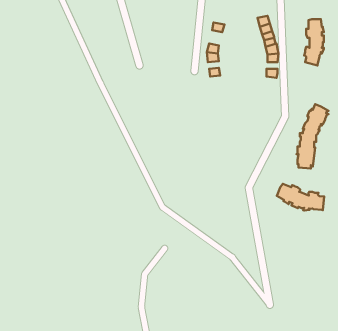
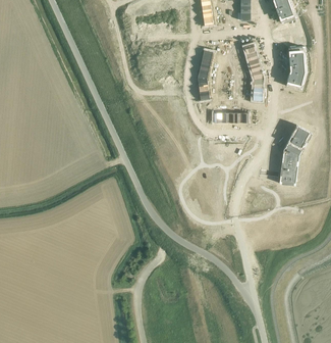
building: [277,184,324,211] -> none

